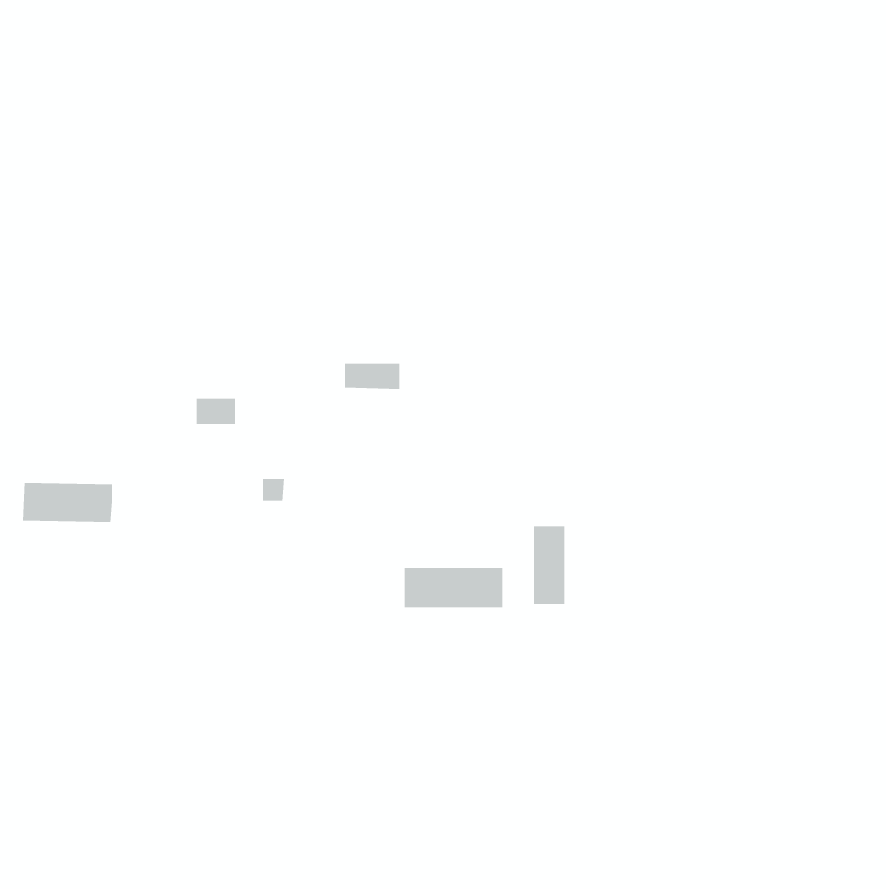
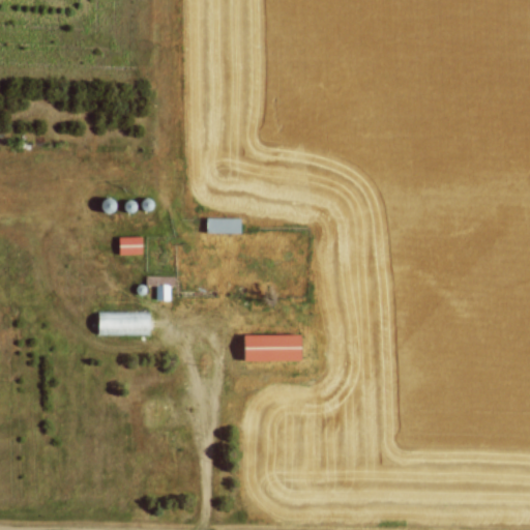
building: [22,482,113,523] -> [97,312,151,335]
building: [533,526,565,605] -> none

